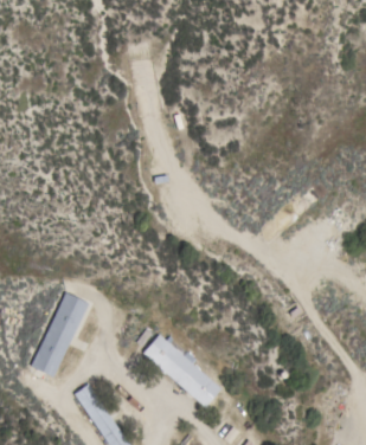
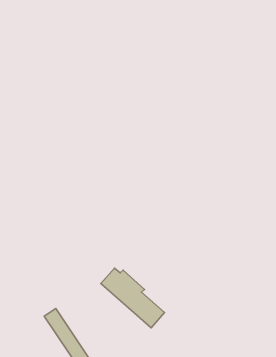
building: [31,291,90,376] -> none

